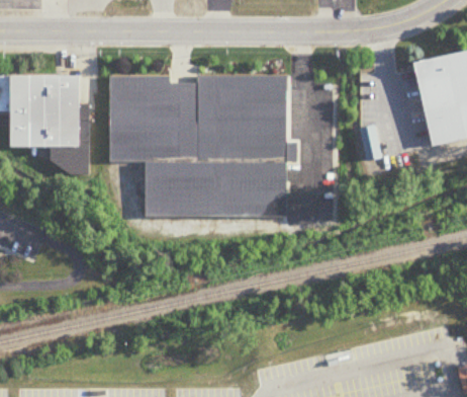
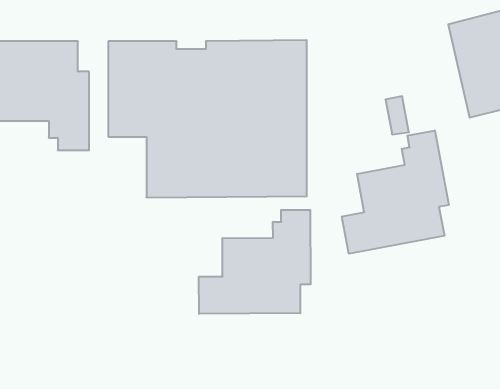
building: none -> [342,130,449,254]
building: none -> [199,210,311,314]

